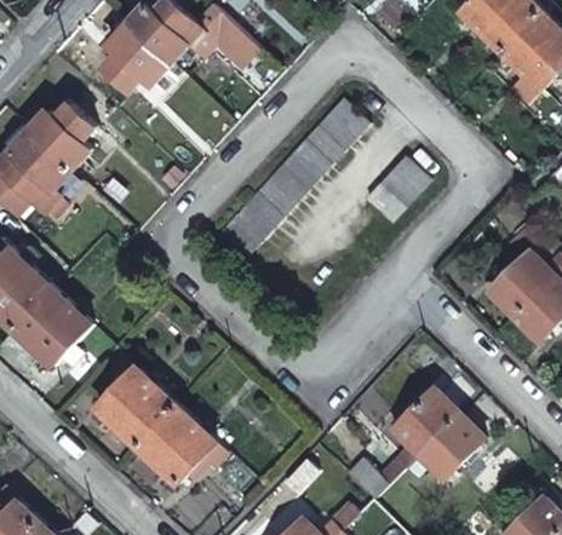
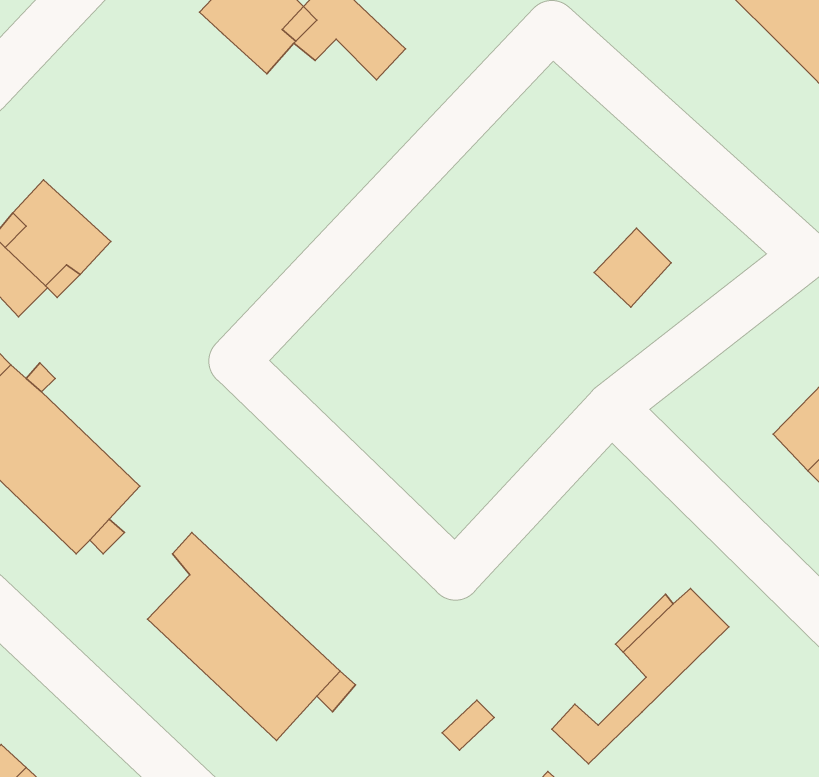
building: [103,25,170,92] -> none
building: [214,102,367,261] -> none
building: [29,105,94,169] -> none
building: [406,412,484,478] -> none

